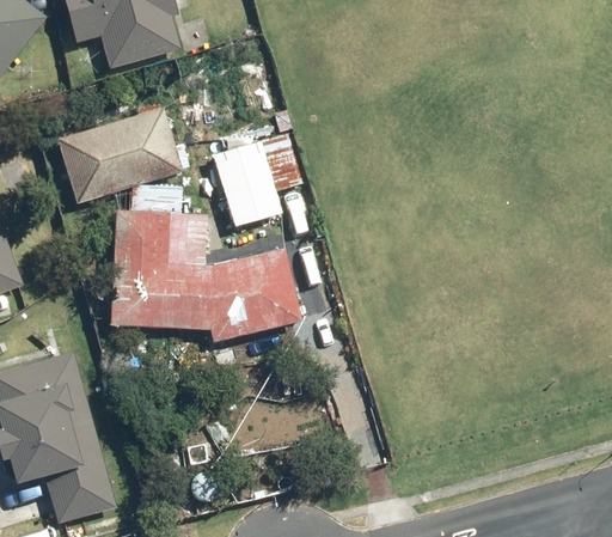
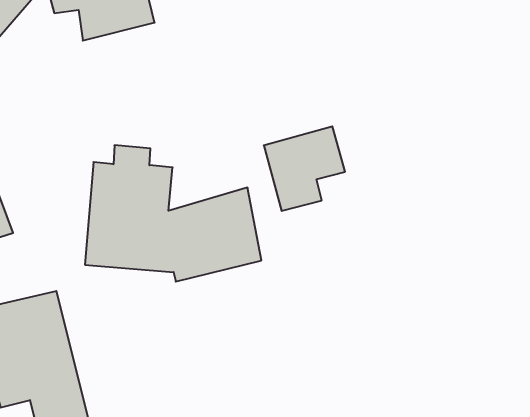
building: [48,105,179,207] -> none
building: [210,130,302,226] -> [264,126,345,211]

